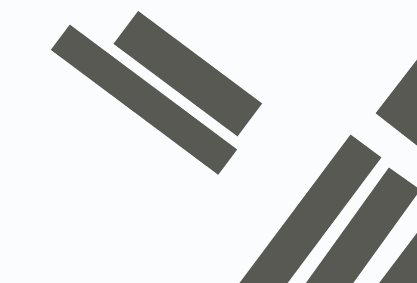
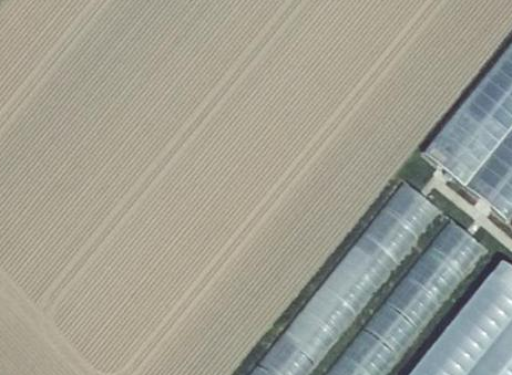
building: [112,10,263,138] -> none
building: [50,24,238,176] -> none

